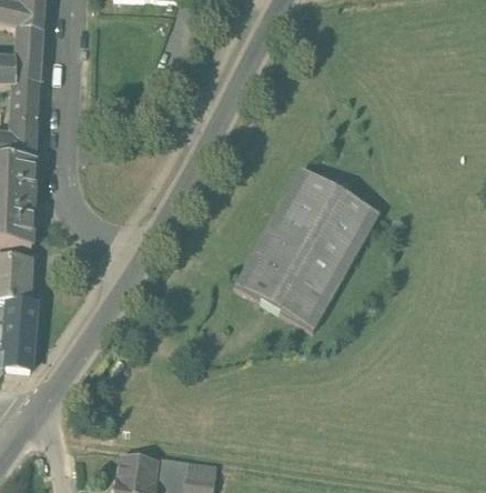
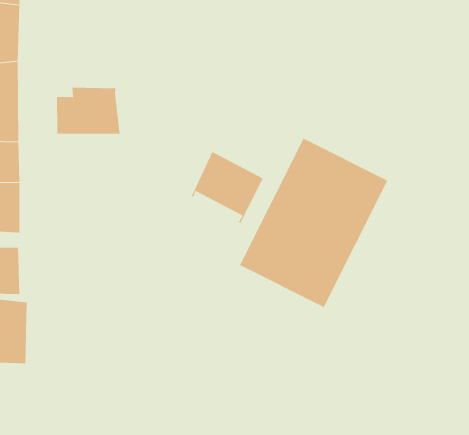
building: none -> [56,87,120,135]
building: none -> [191,151,264,224]

